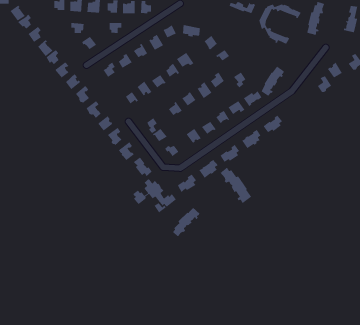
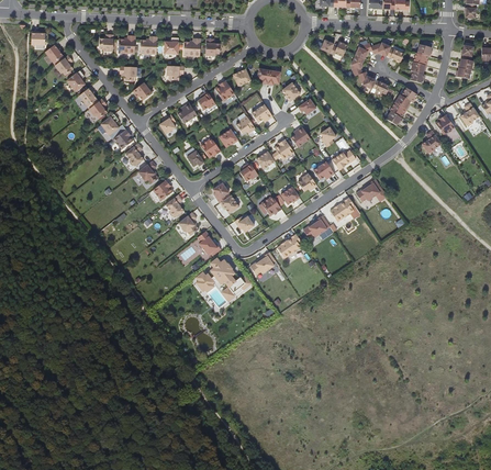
building: [261,66,285,97] -> [387,87,416,125]
building: [220,166,252,204] -> none
building: [172,207,200,237] -> none

